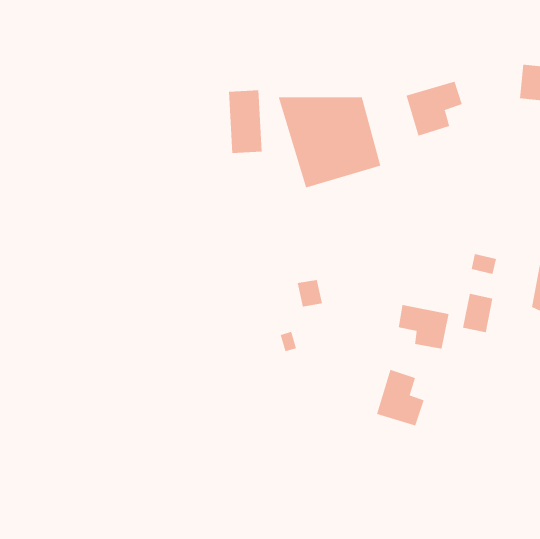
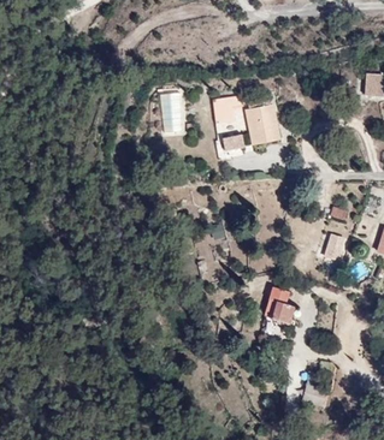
building: [406,81,463,137] -> none
building: [398,304,449,349] -> none

